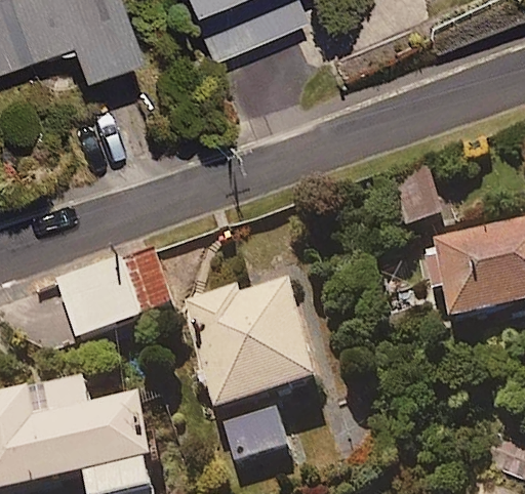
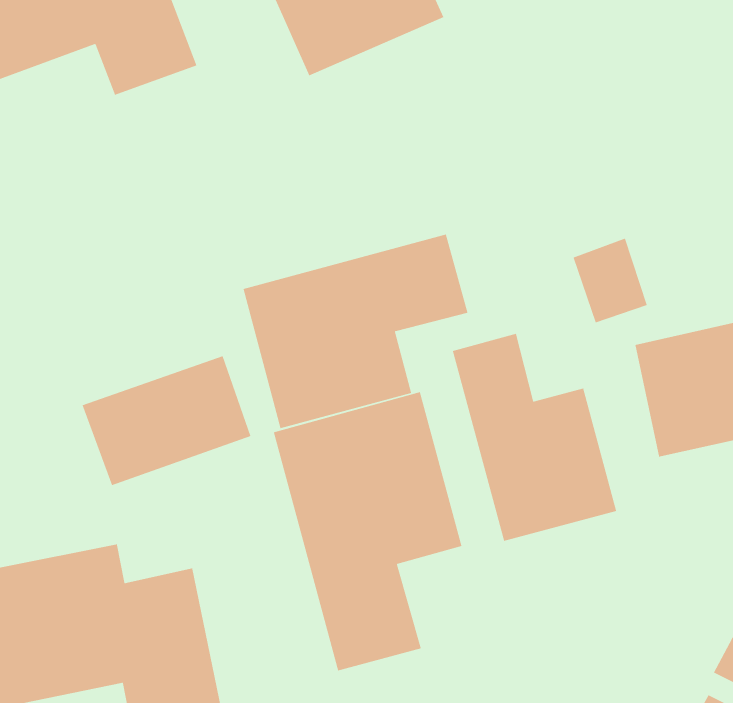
building: none -> [242,233,468,429]
building: none -> [452,333,617,542]

